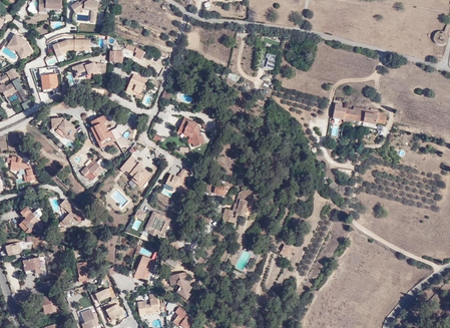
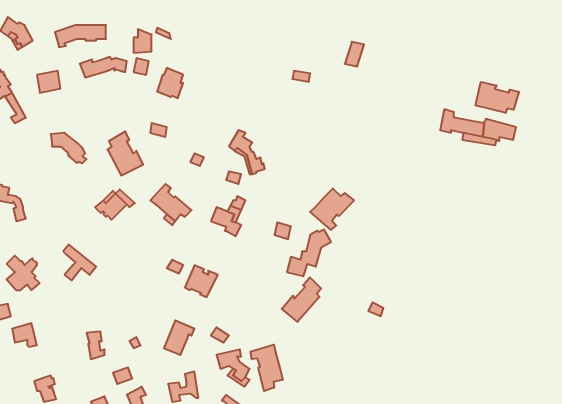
building: none -> [476,82,519,113]
building: none -> [310,188,354,230]
building: none -> [282,277,321,322]
building: none -> [250,345,283,391]

